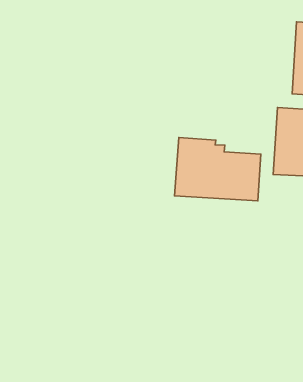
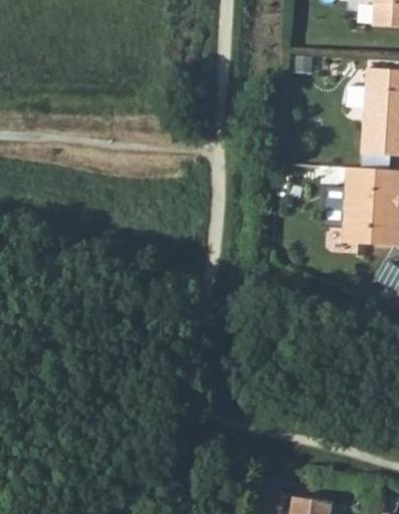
building: [174,138,261,201] -> none

